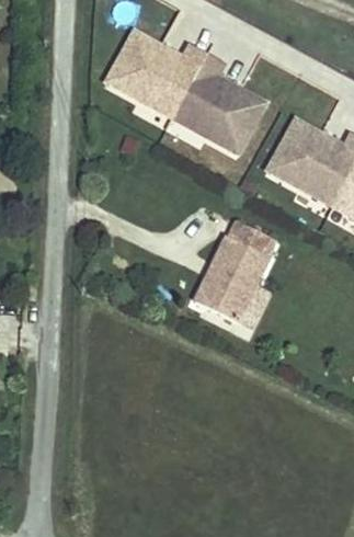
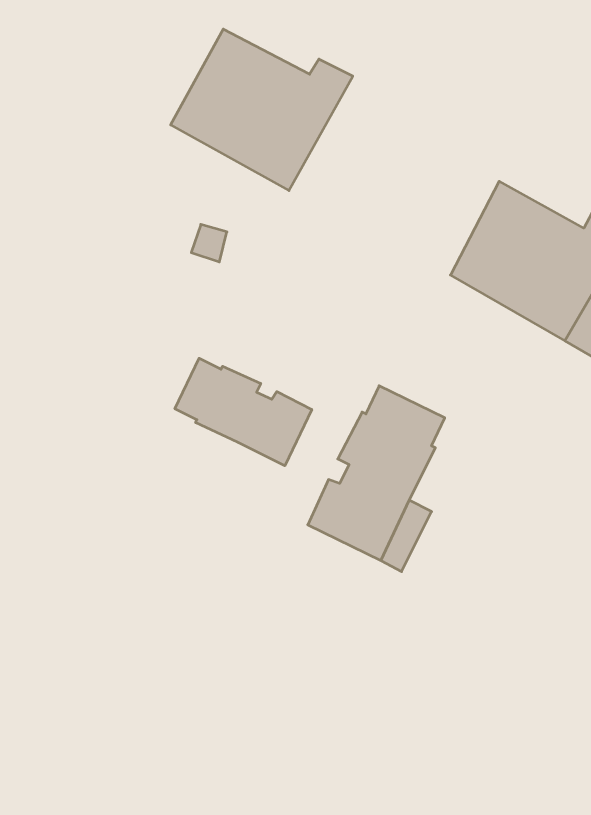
building: [173,53,271,157] -> none
building: none -> [175,358,312,466]

